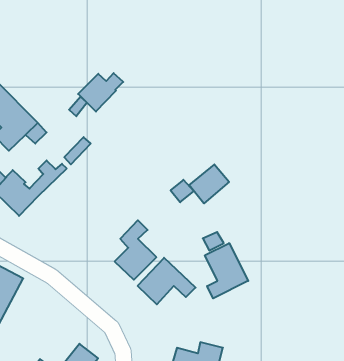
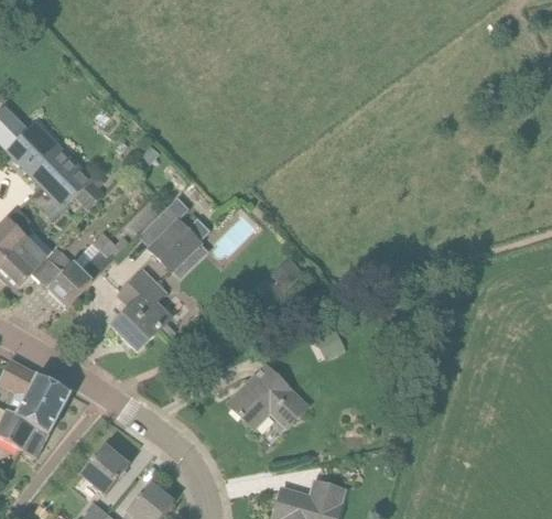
building: [78,73,123,112] -> [148,218,209,271]
building: [189,164,229,203] -> none
building: [115,220,156,280] -> [111,270,169,352]
building: [205,243,248,298] -> none
building: none -> [80,446,129,494]

